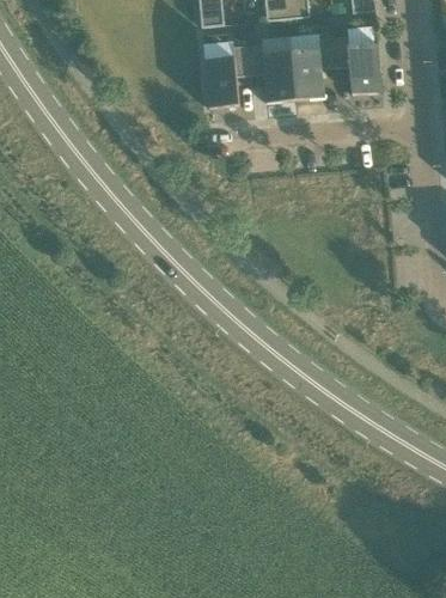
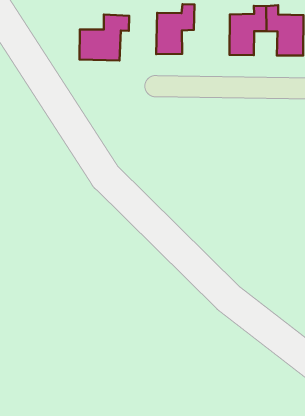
building: [248,41,295,99] -> none
building: none -> [79,14,129,61]

